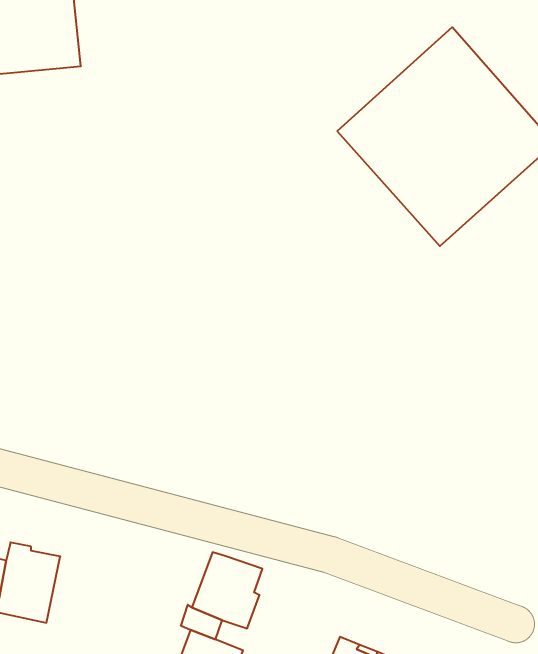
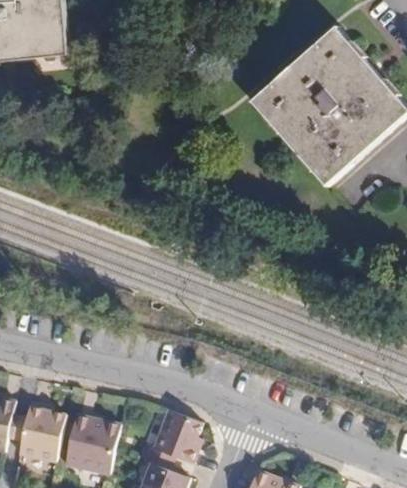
building: none -> [59,411,113,472]

